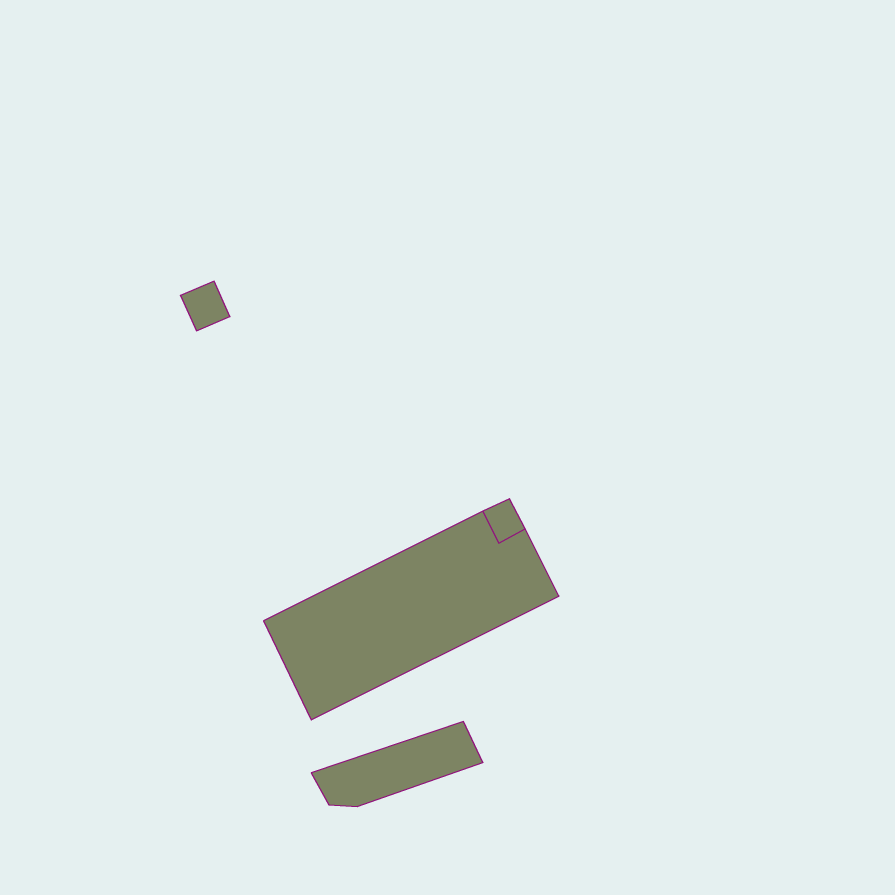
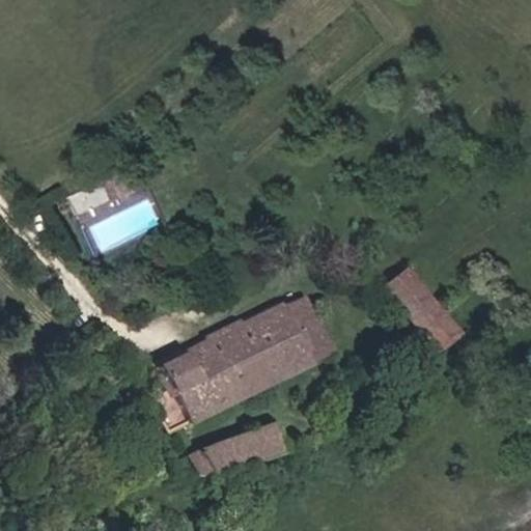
building: none -> [386,268,459,350]

